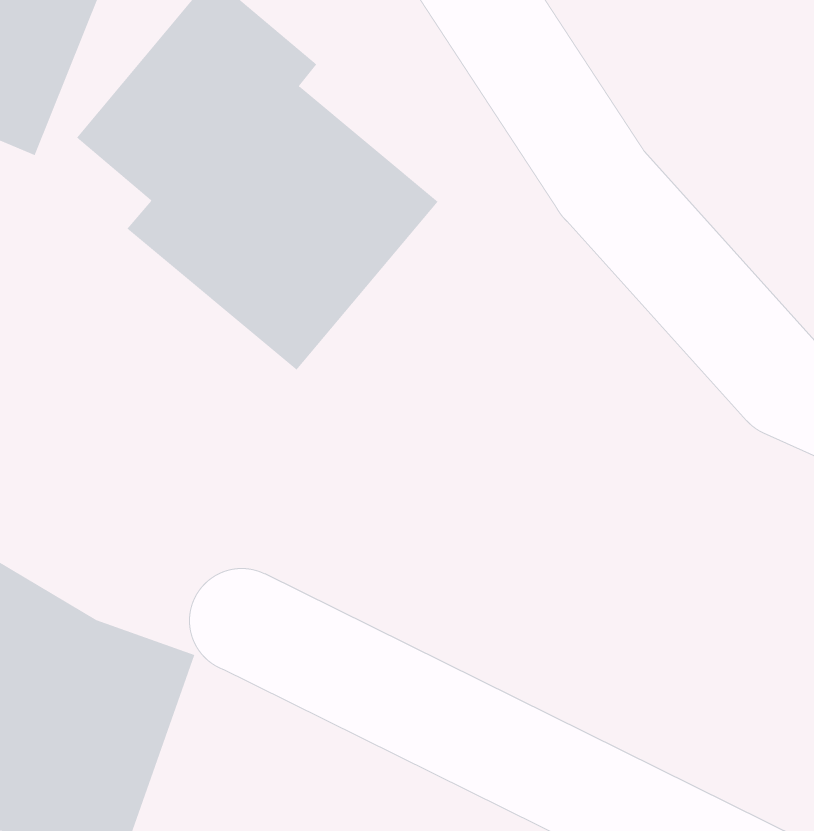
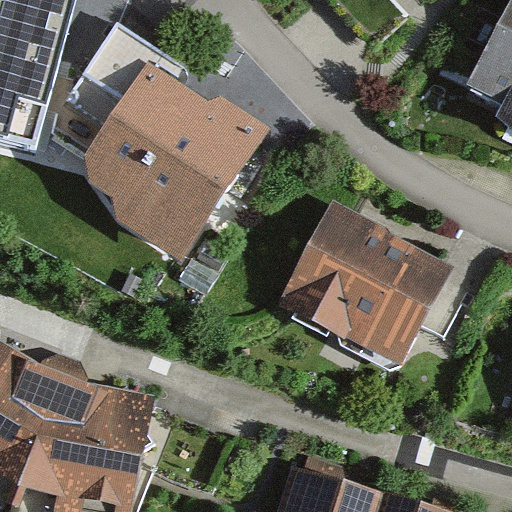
building: none -> [289,218,441,361]

